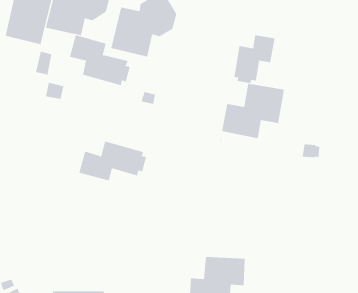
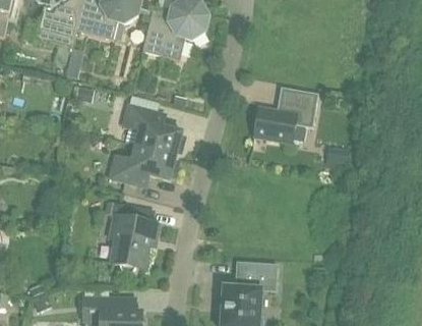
building: [234,34,275,84] -> none
building: [69,35,131,86] -> [122,103,184,155]
building: none -> [110,201,158,271]

